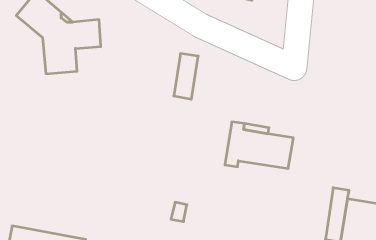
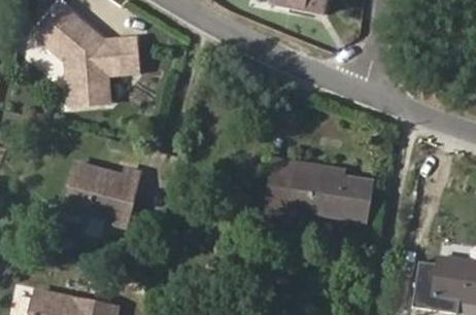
building: [174,54,198,99] -> [268,160,298,215]
building: none -> [64,162,140,225]

